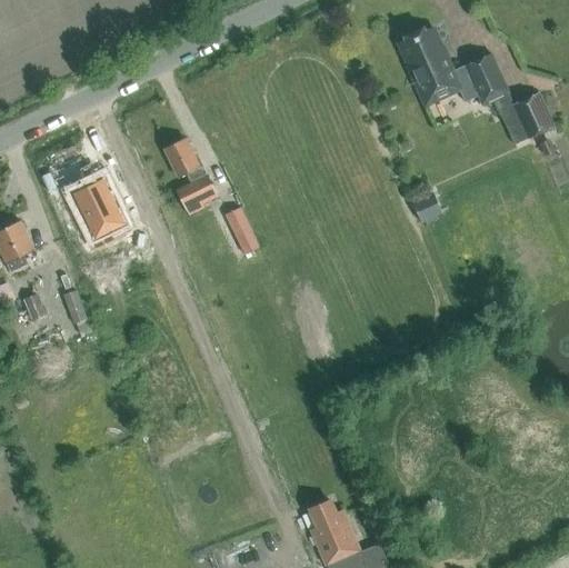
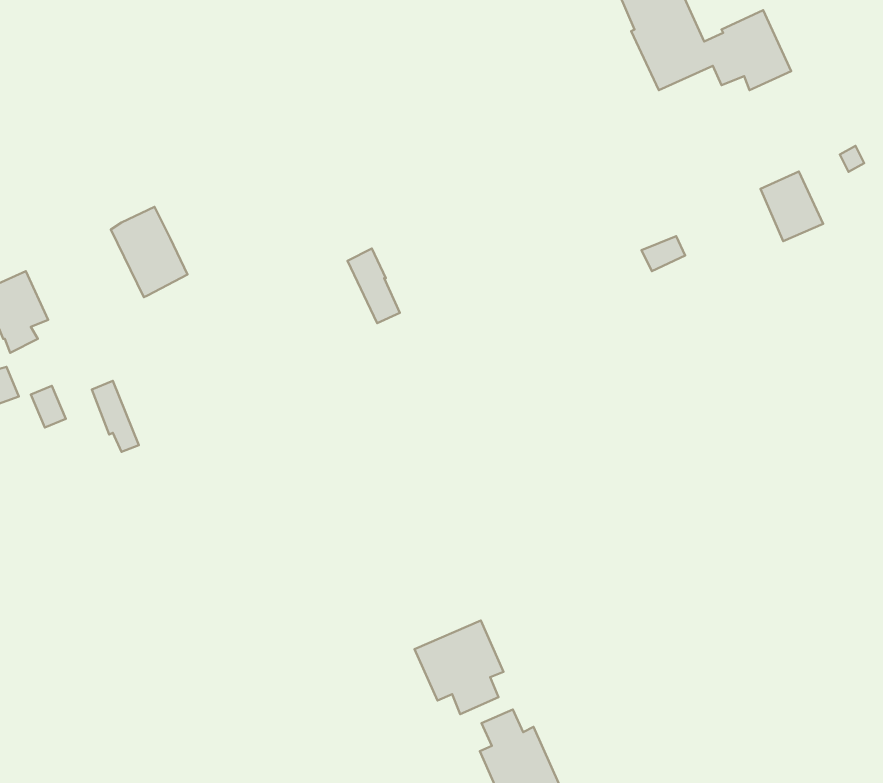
building: [512,93,552,138] -> [761,172,823,241]
building: [163,138,213,215] -> none
building: none -> [415,621,503,714]

